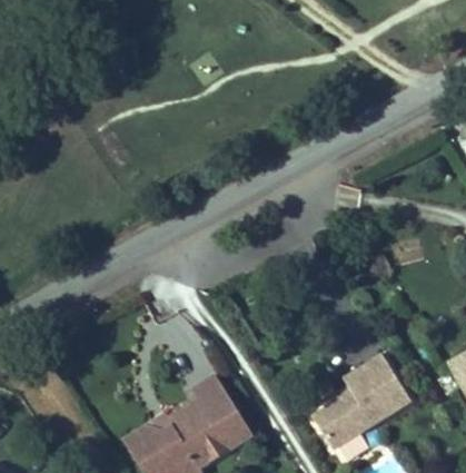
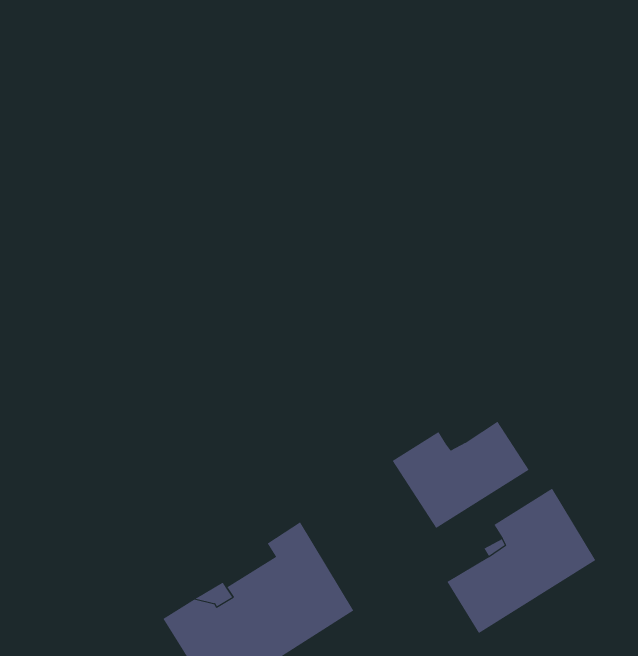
building: none -> [392,421,529,529]

